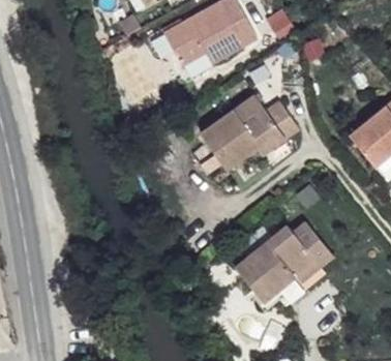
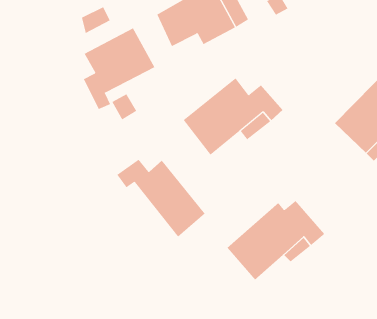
building: none -> [83,27,155,110]
building: none -> [116,159,206,237]

